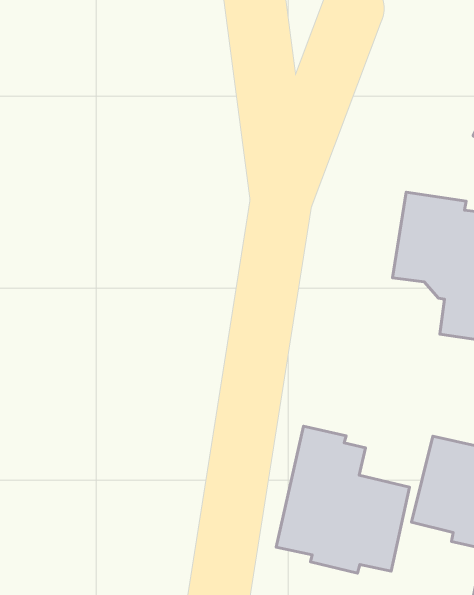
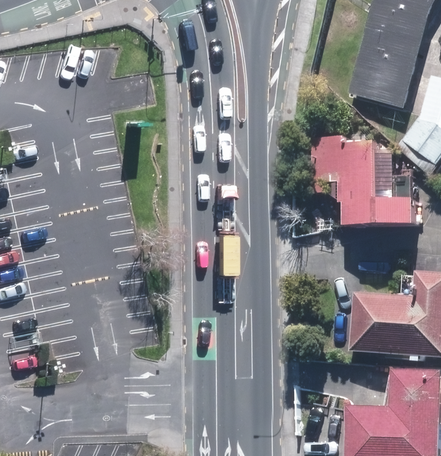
building: [276,426,409,573] -> none

